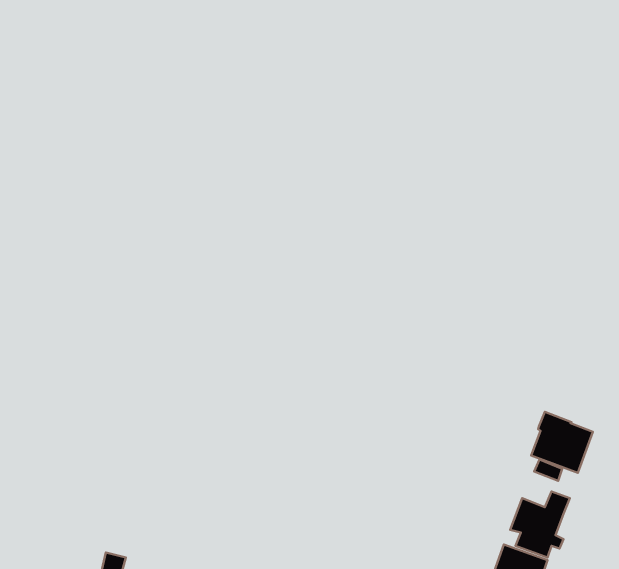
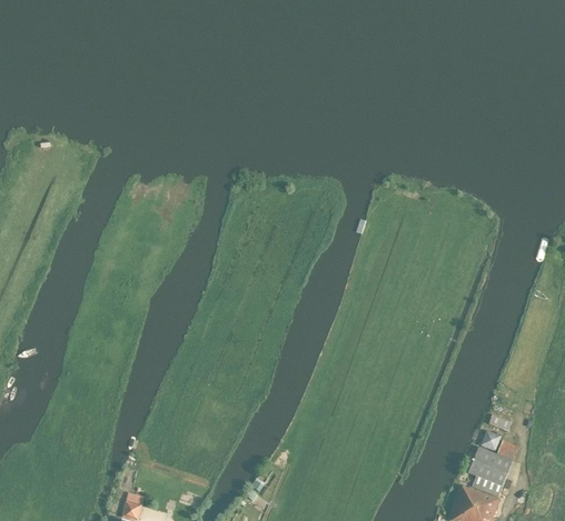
building: [531,412,593,473] -> none

